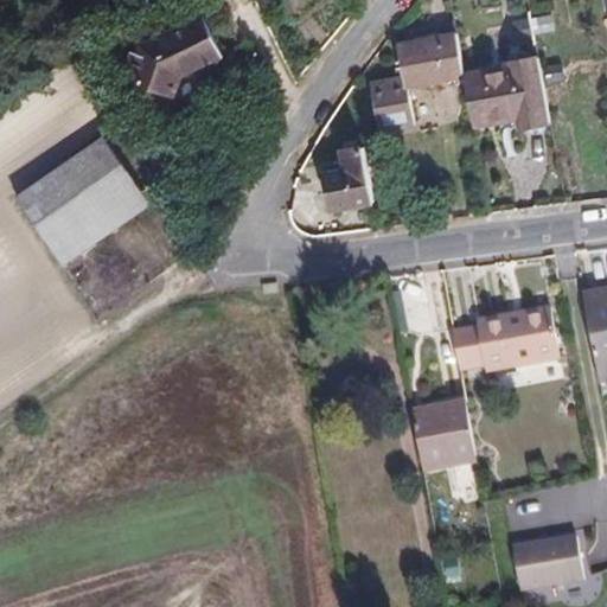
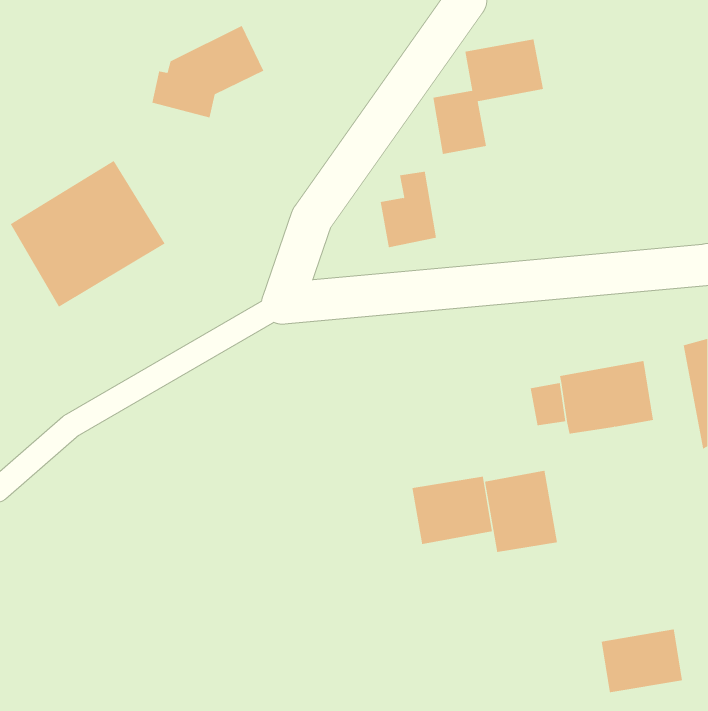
building: [464,57,549,128] -> none
building: none -> [412,476,493,545]

